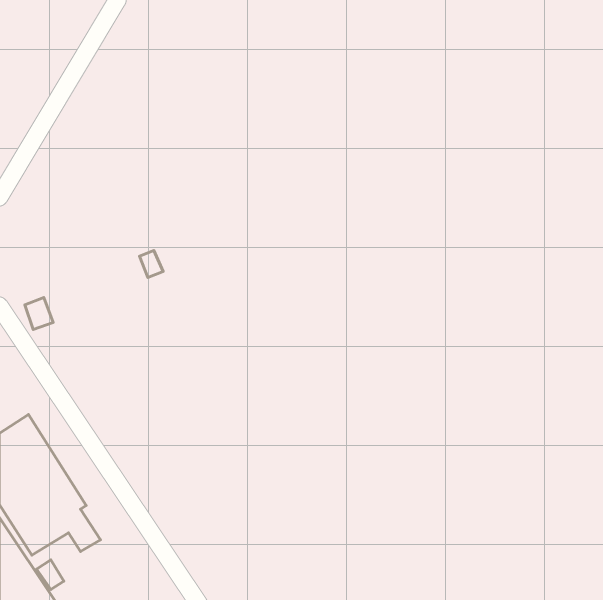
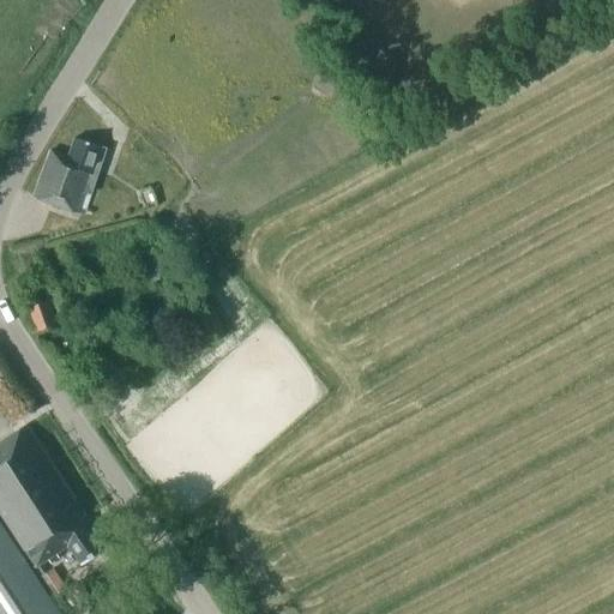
building: none -> [31,139,104,217]

